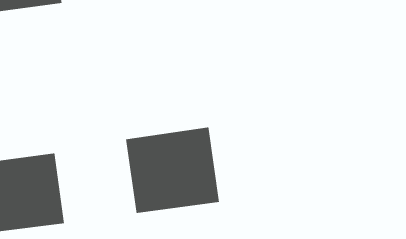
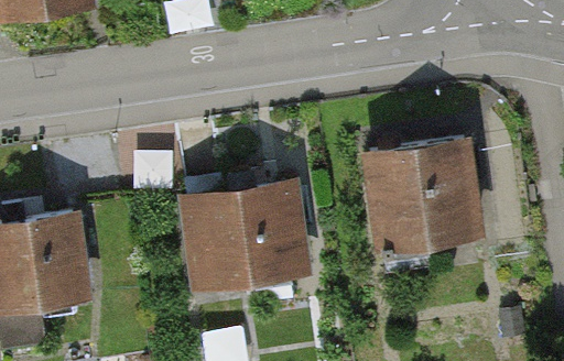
building: none -> [360,138,484,254]

